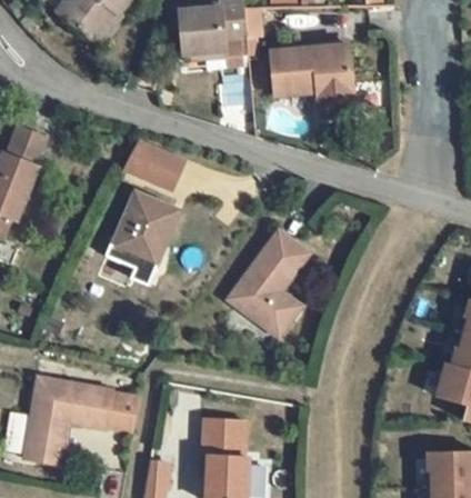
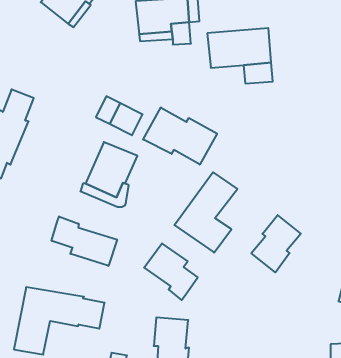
building: none -> [143,107,217,165]
building: none -> [251,215,301,272]
building: none -> [52,216,117,266]
building: none -> [144,243,198,300]

